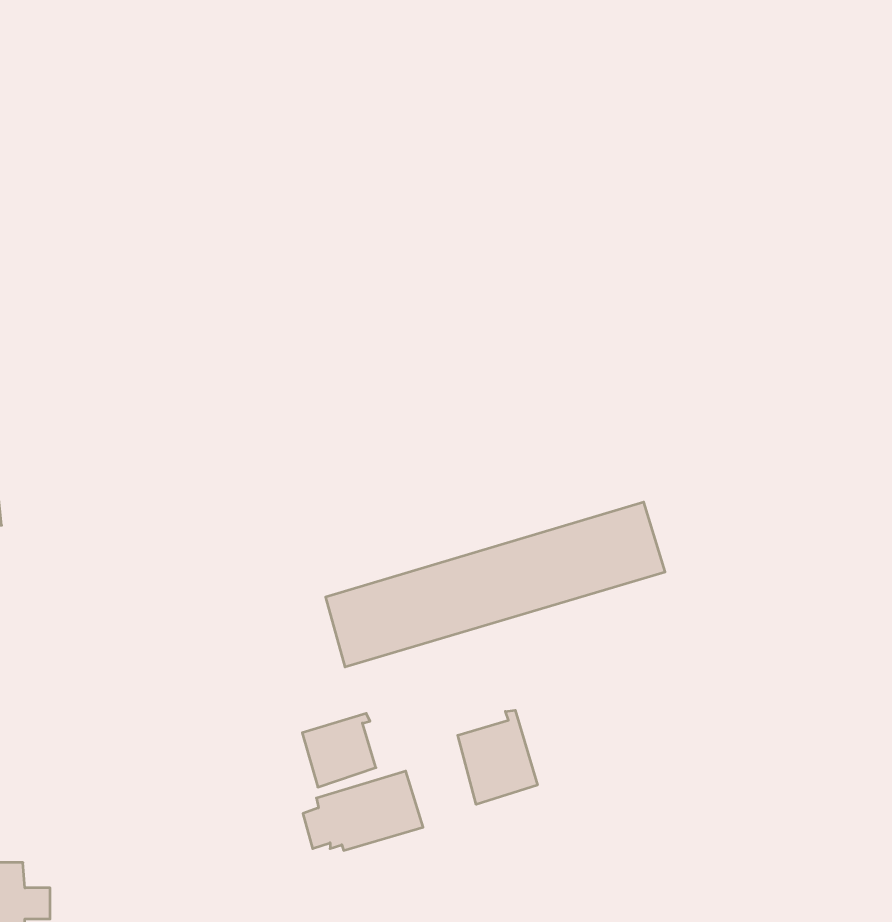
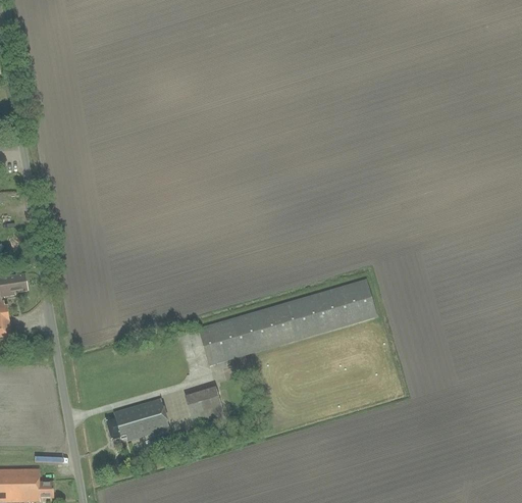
building: [458,710,537,804] -> none
building: [303,771,423,850] -> [106,399,169,441]

